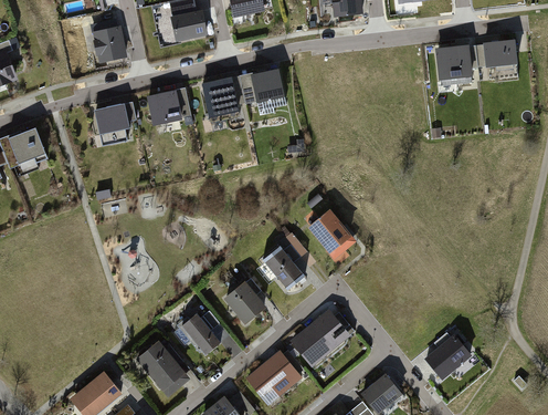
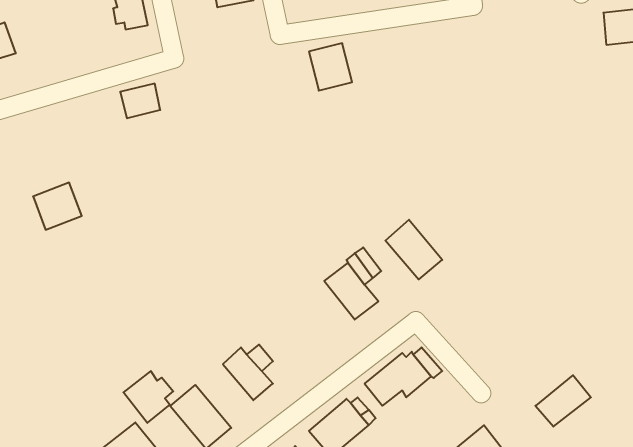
building: [434,49,471,84] -> none
building: [203,81,239,121] -> none
building: [151,92,182,122] -> none
building: [8,127,46,165] -> [33,183,82,230]
building: [224,283,262,322] -> none
building: none -> [123,371,173,423]

